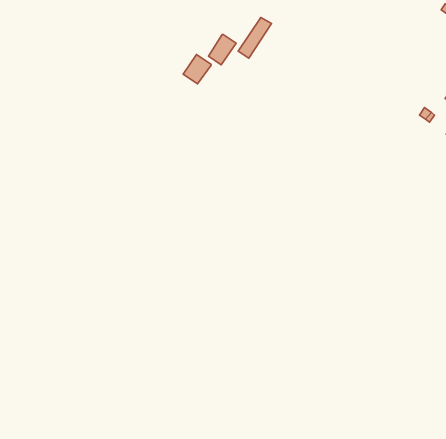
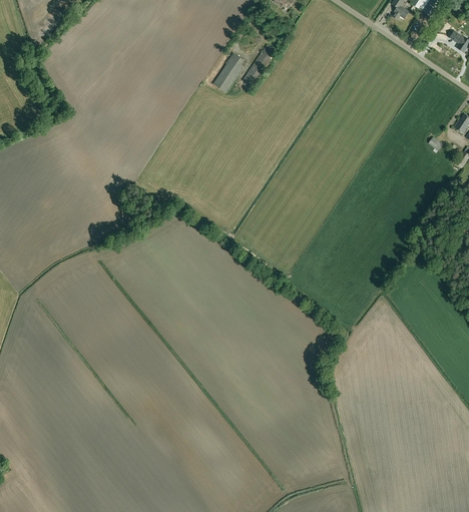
building: [183,55,211,84] -> none

